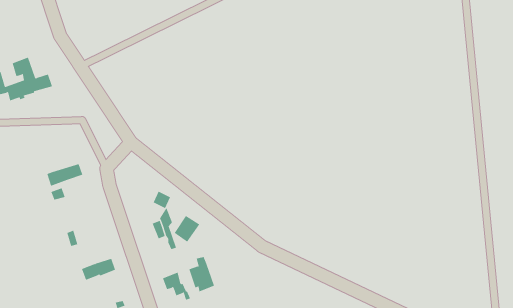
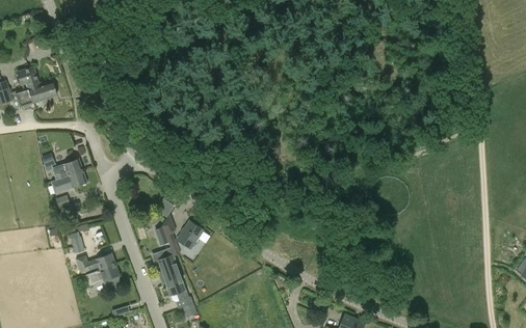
building: none -> [41,152,83,179]
building: none -> [76,252,115,273]
building: [188,256,215,292] -> [155,248,181,283]

